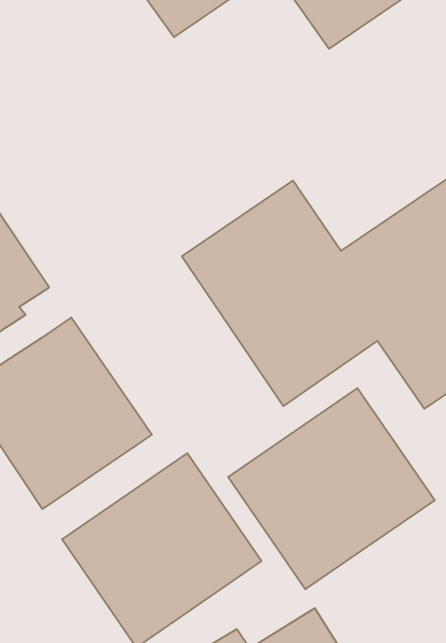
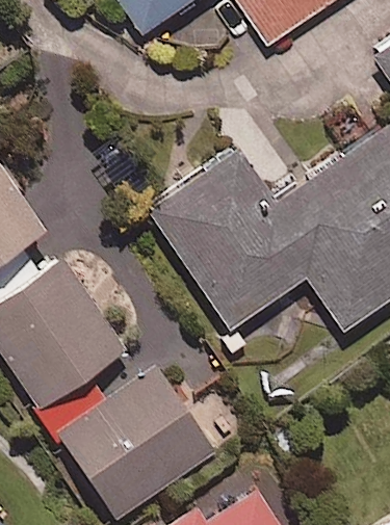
building: [228,388,435,589] -> none

